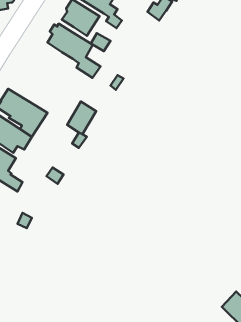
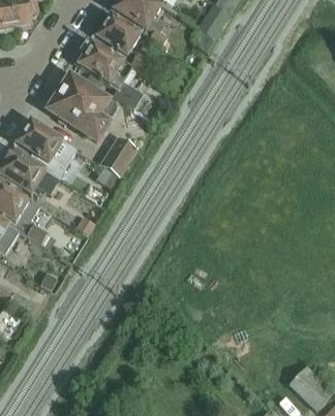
building: none -> [49,74,118,137]

